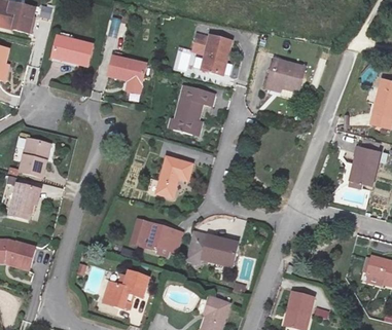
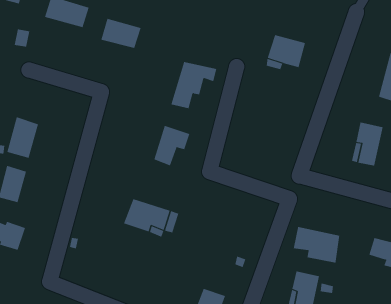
building: [198,37,230,75] -> none
building: [187,225,239,263] -> none
building: none -> [293,226,340,264]
building: [102,277,148,316] -> none

